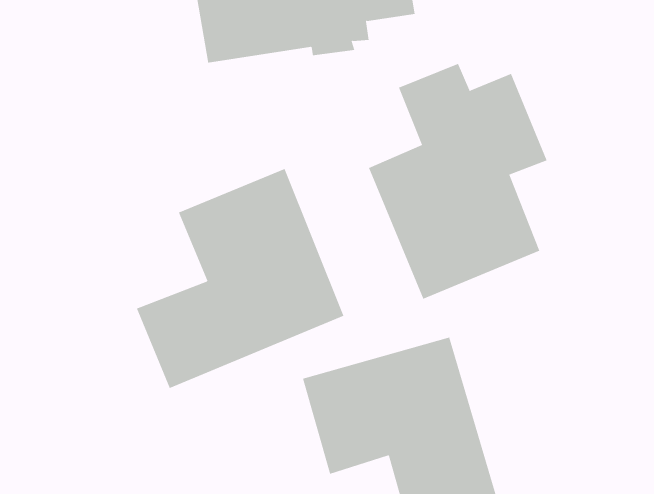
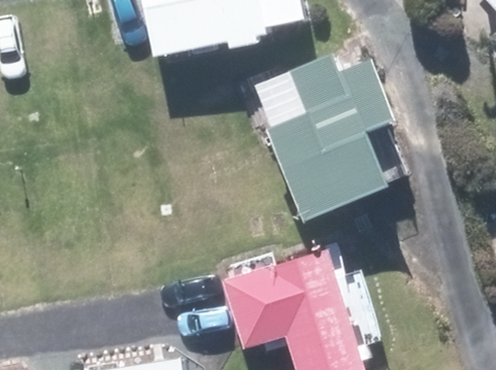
building: [136,168,344,389] -> none

